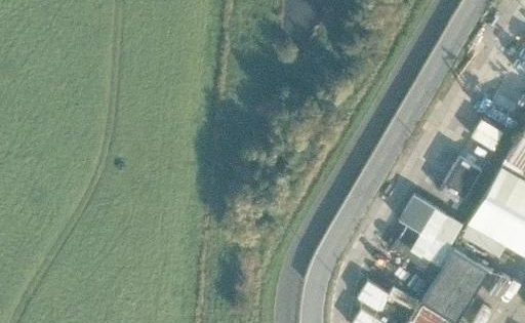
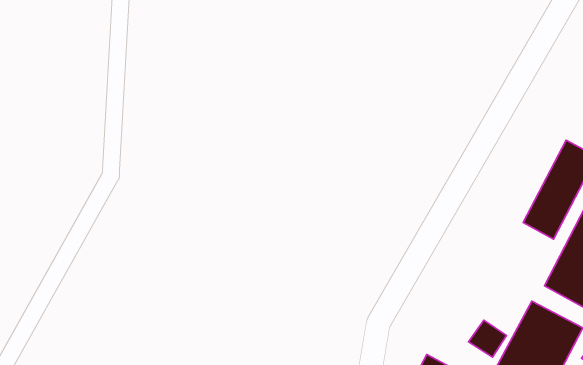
building: [405,197,466,264] -> none

